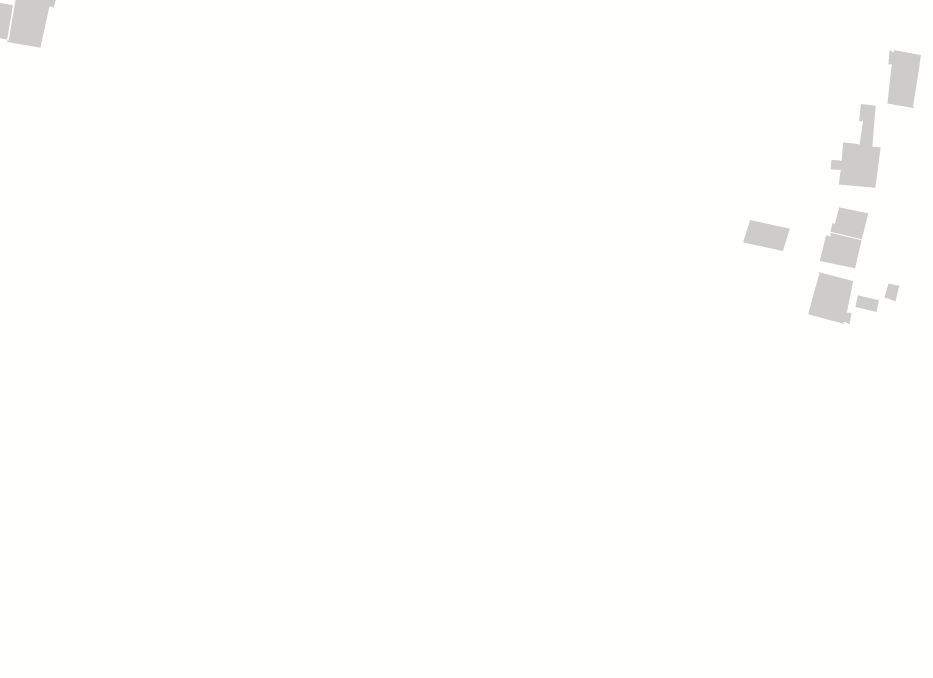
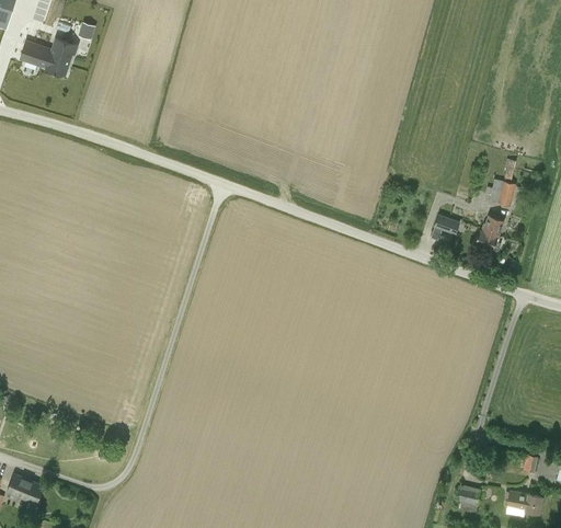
building: [887,49,922,109] -> none
building: [807,271,854,325] -> none

